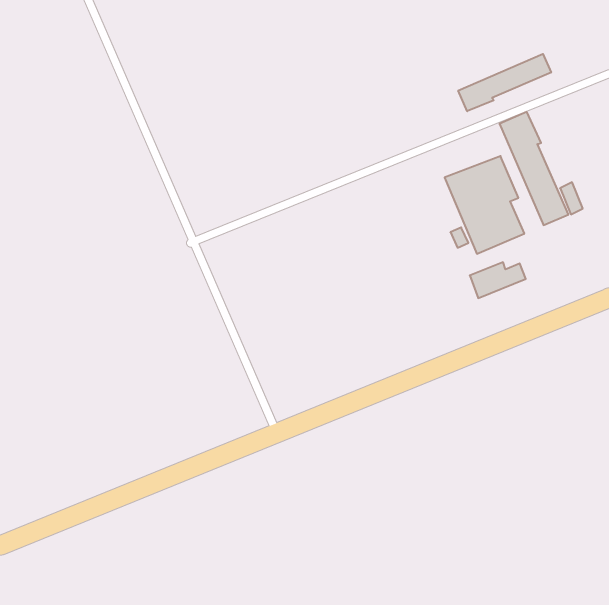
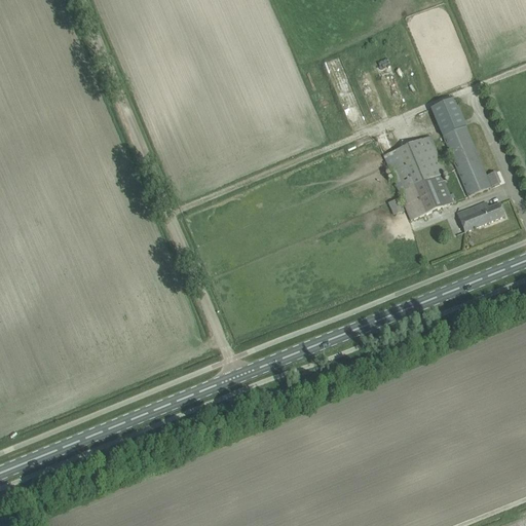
building: [458,54,551,111] -> none
building: [470,262,526,298] -> [457,200,505,231]

